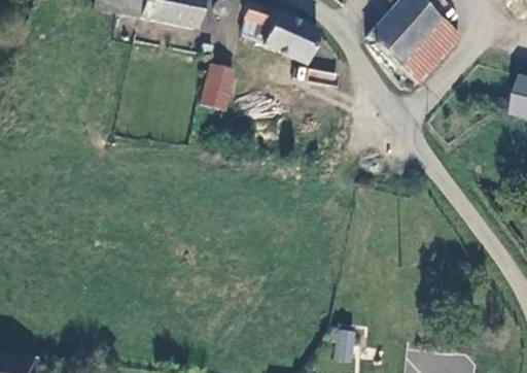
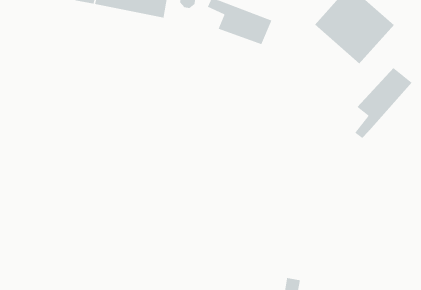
building: [207,64,237,106] -> none
building: none -> [354,67,412,139]

